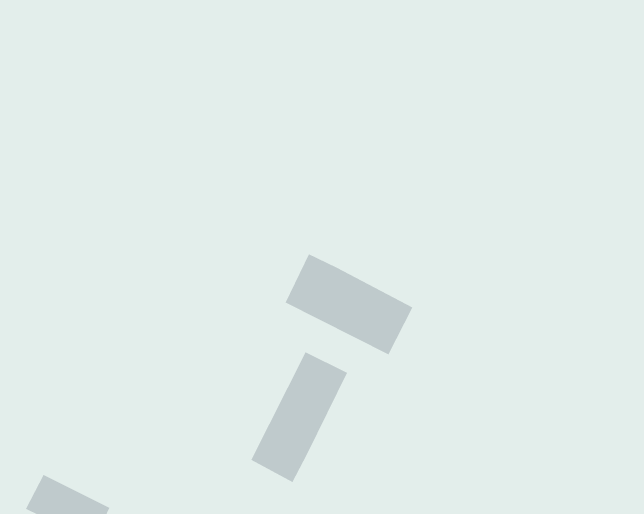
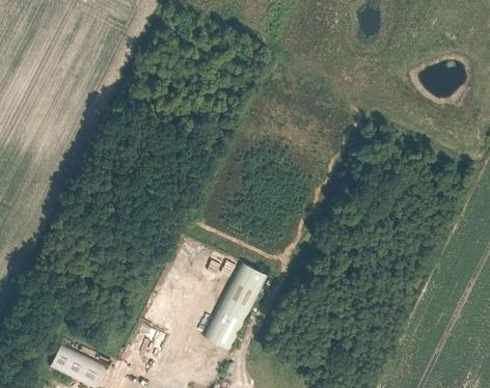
building: [285,253,413,356] -> none

